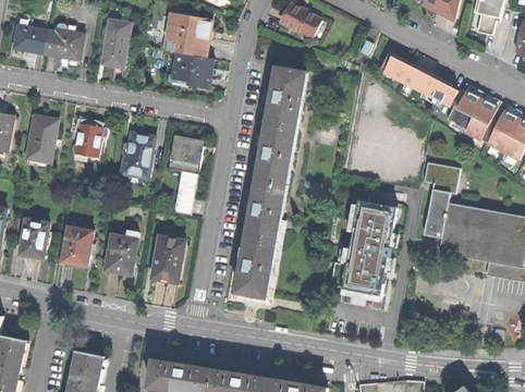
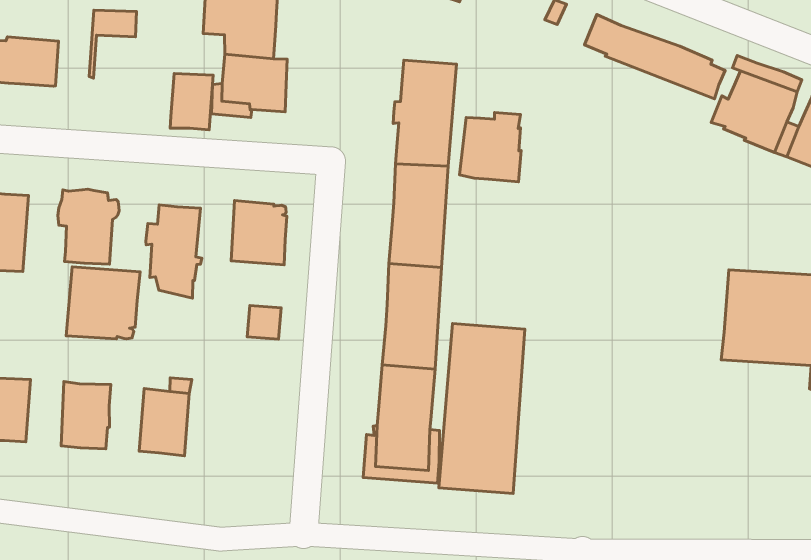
building: [100,33,127,66] -> [170,74,213,130]
building: none -> [460,112,521,182]
building: none -> [66,267,140,339]
building: [422,162,457,237] -> none
building: [175,170,197,197] -> none
building: [338,197,395,296] -> [439,323,525,493]
building: [151,235,184,282] -> none

